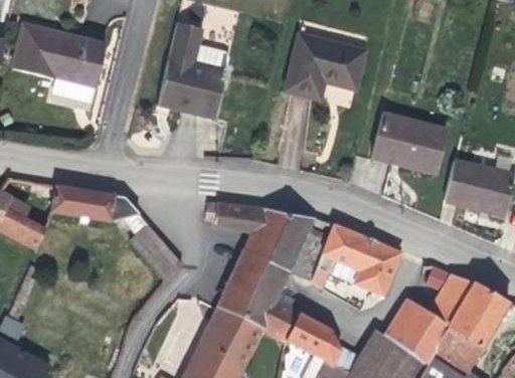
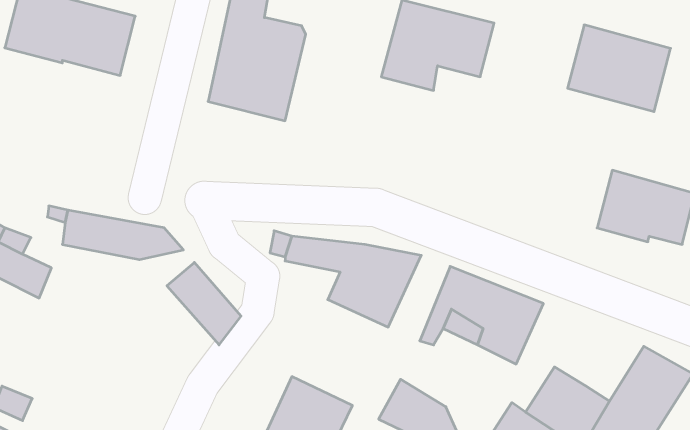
building: [365,108,441,171] -> [568,25,671,112]
building: [218,249,298,337] -> none
building: [430,266,476,324] -> none

